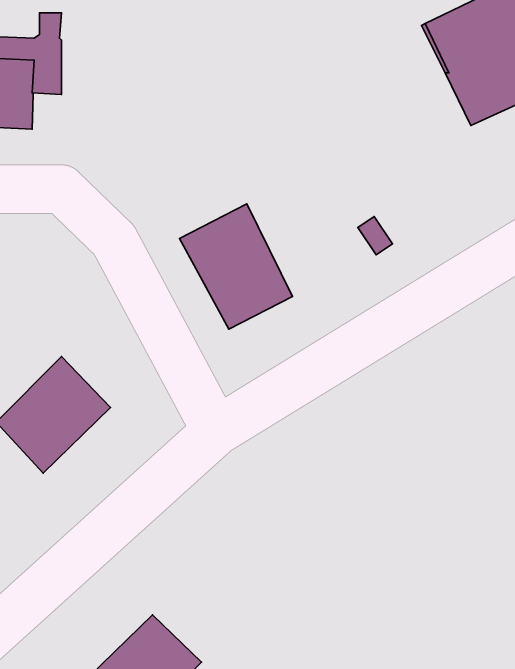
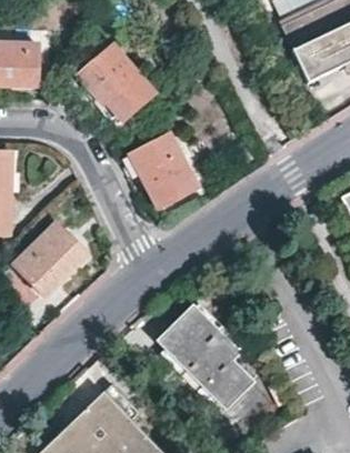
building: none -> [77,46,154,122]
building: none -> [158,303,254,406]

